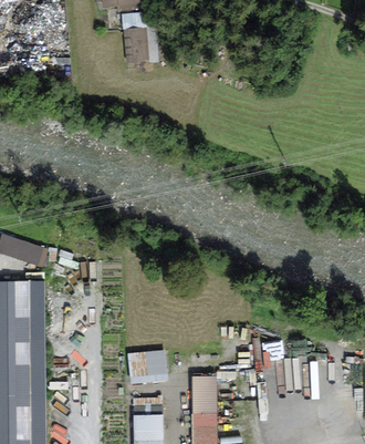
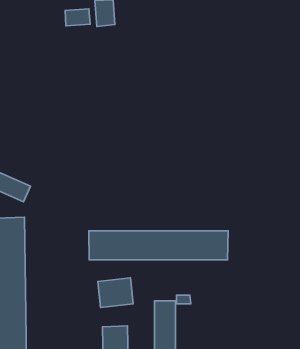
building: none -> [65,9,90,26]
building: none -> [89,231,228,260]

